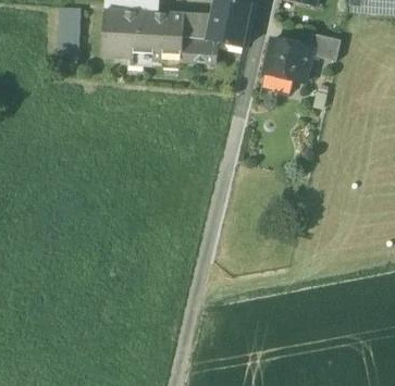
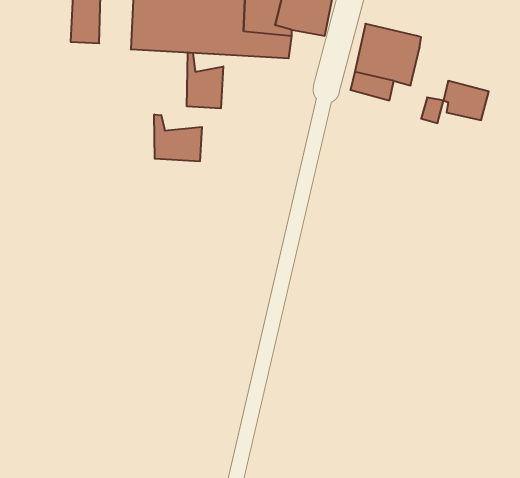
building: [308,32,341,60] -> [444,81,489,120]
building: none -> [187,52,223,108]
building: none -> [154,114,202,161]

